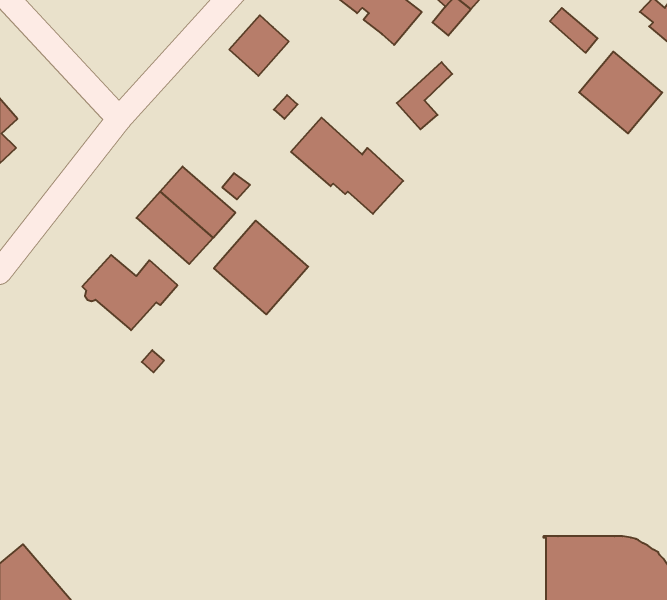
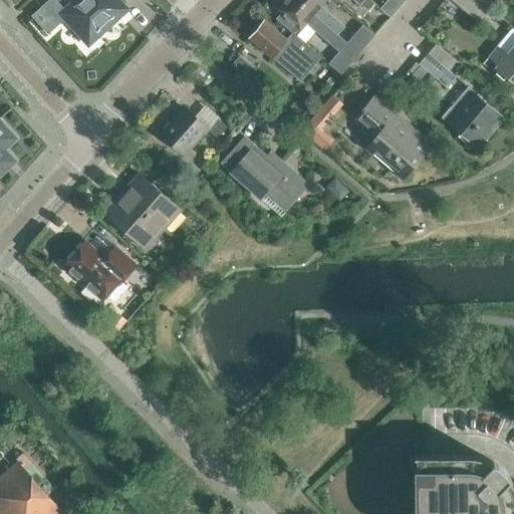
building: [229,15,289,76] -> [162,108,207,155]
building: none -> [355,99,428,179]
building: [214,221,308,314] -> none

